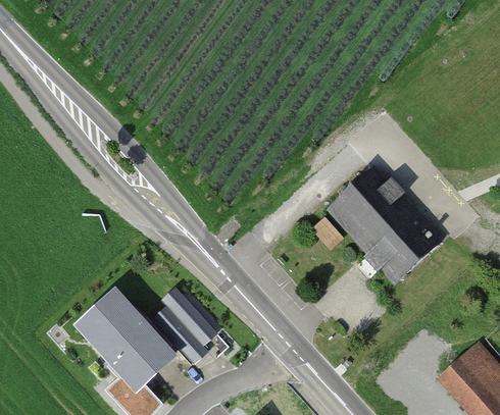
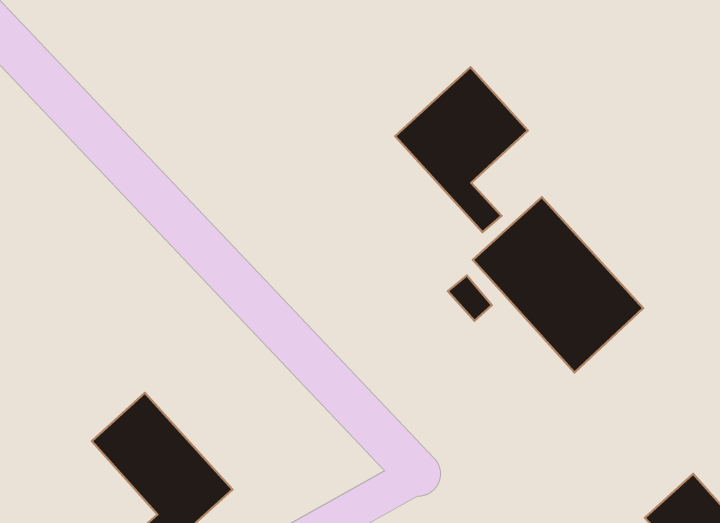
building: none -> [395,67,528,232]
building: [153,289,213,362] -> none

